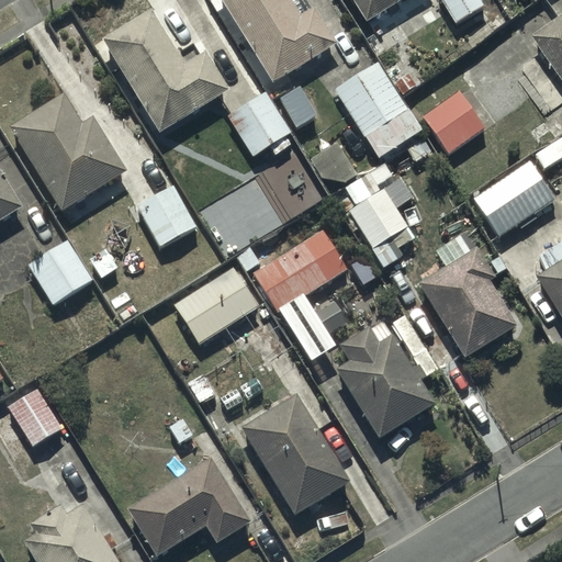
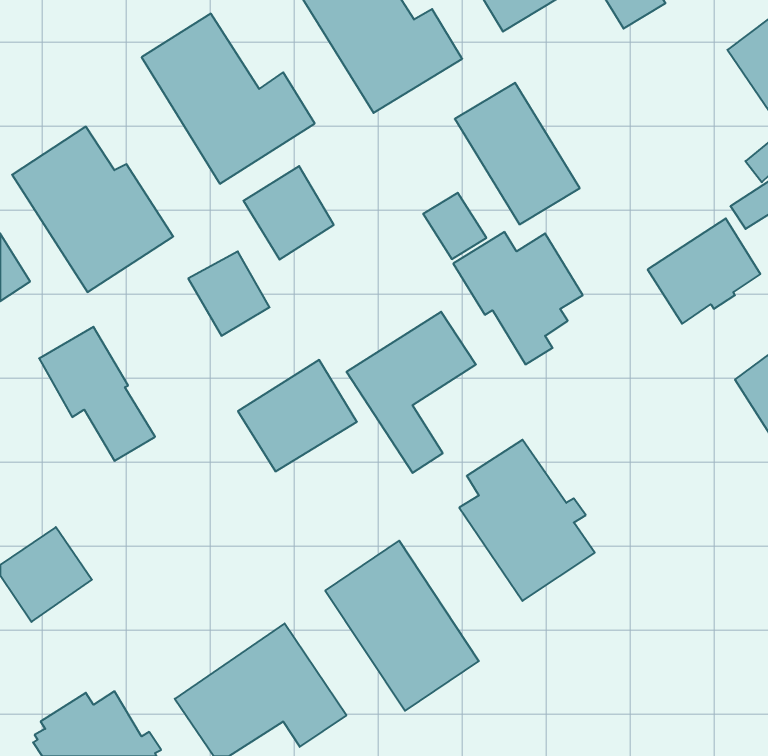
building: [420,88,486,154] -> none
building: [227,89,293,157] -> [243,166,334,260]
building: [418,248,517,359] -> none

